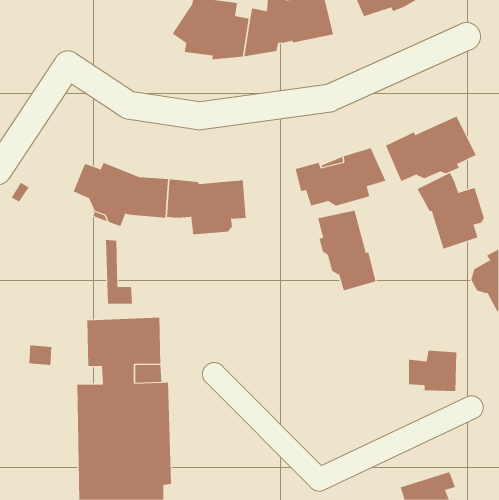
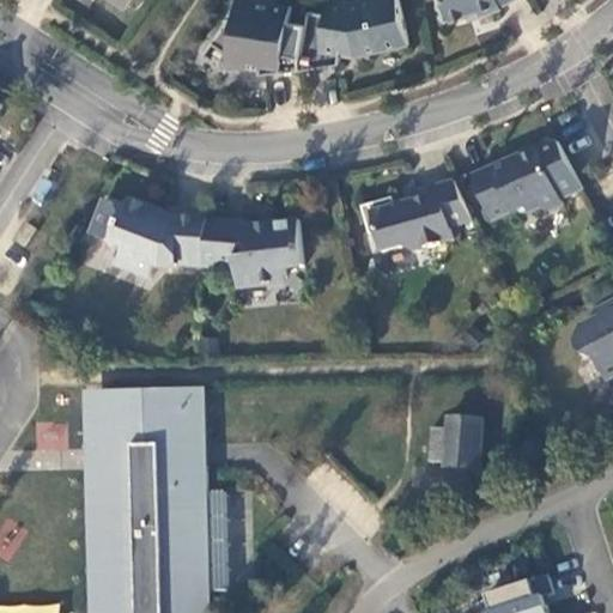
building: [417,172,485,250] -> none
building: [318,210,376,291] -> none
building: [105,239,133,304] -> [91,389,125,468]
building: [408,350,457,392] -> [425,413,485,463]

